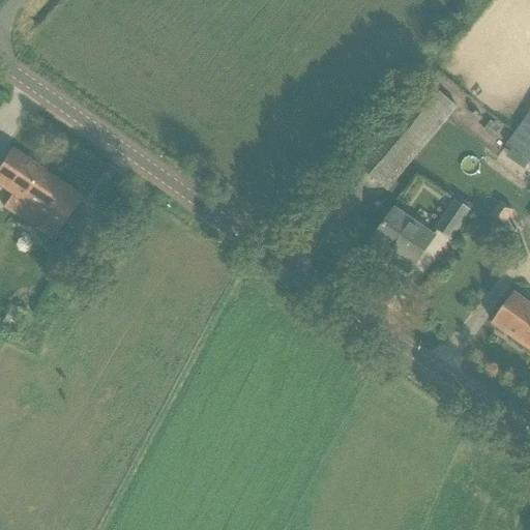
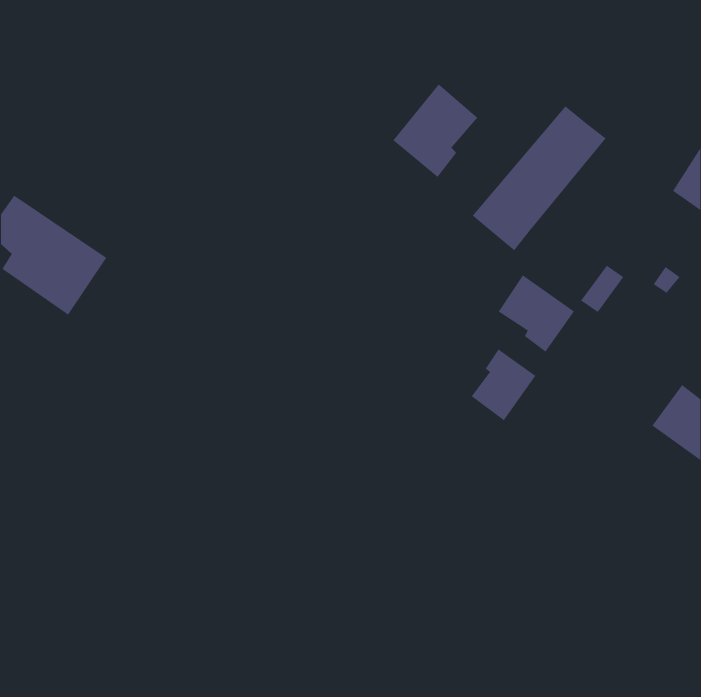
building: none -> [393,84,478,178]
building: none -> [471,348,536,421]

